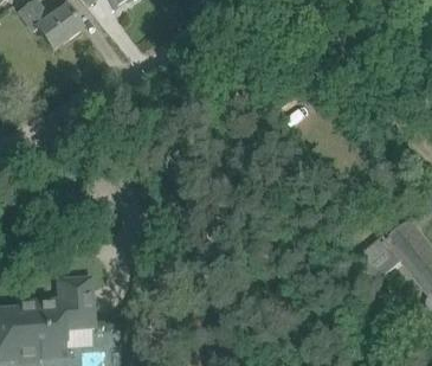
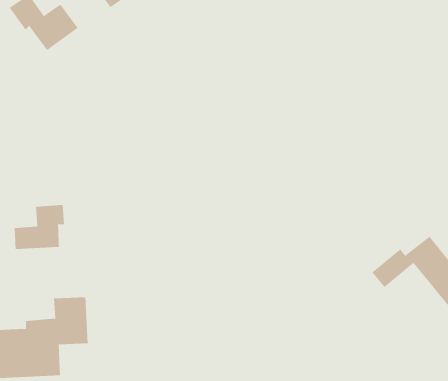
building: none -> [14,204,64,250]

